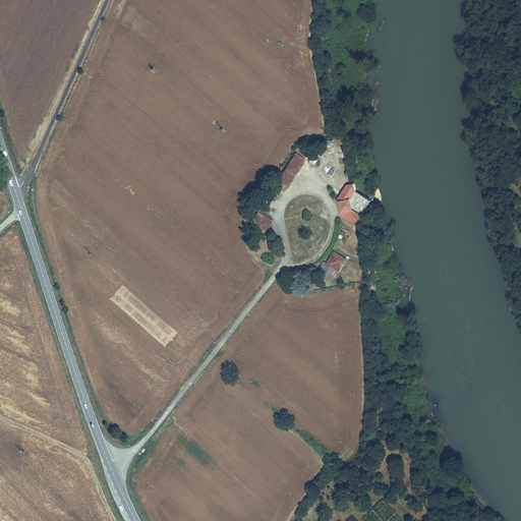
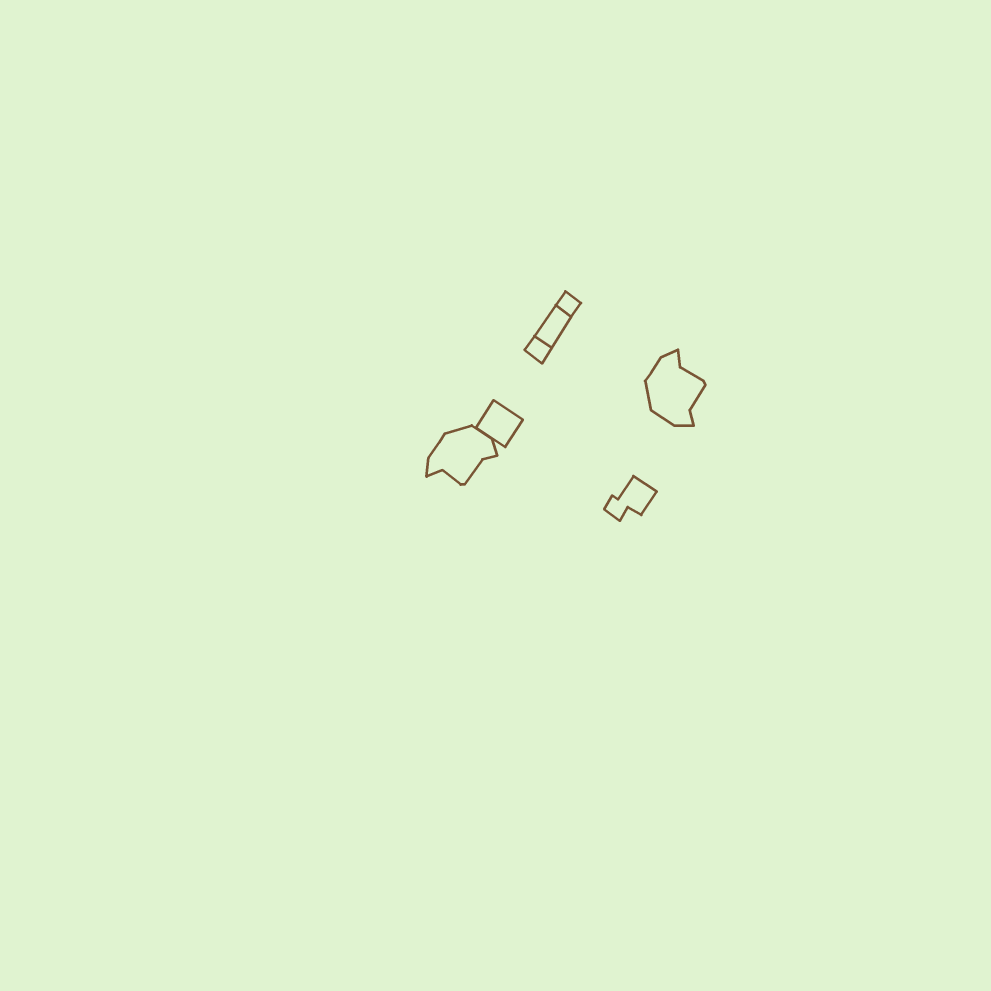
building: none -> [427,425,497,485]

